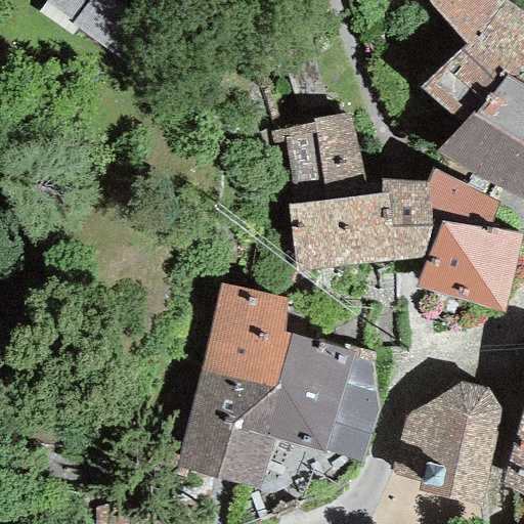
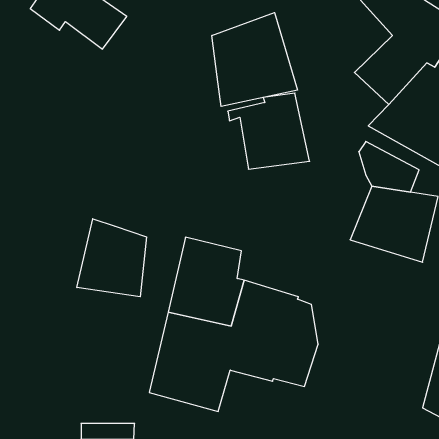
building: none -> [212,13,297,106]
building: [290,178,433,270] -> none
building: none -> [77,219,147,297]
building: [394,383,503,504] -> none

